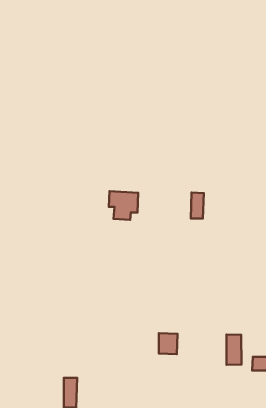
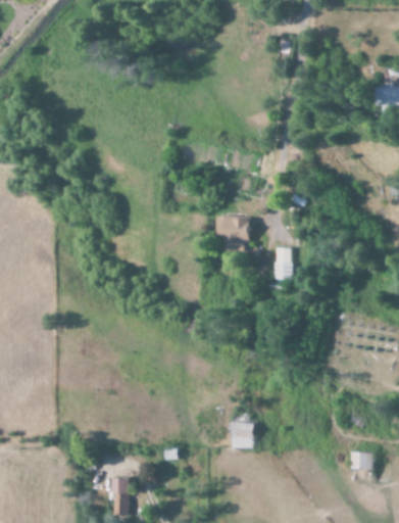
building: [109,191,138,220] -> [214,216,251,251]
building: [227,334,241,365] -> none

